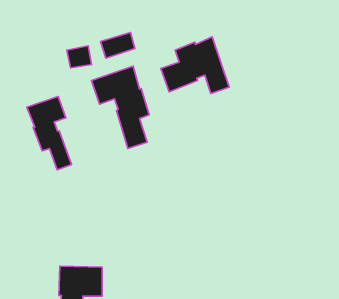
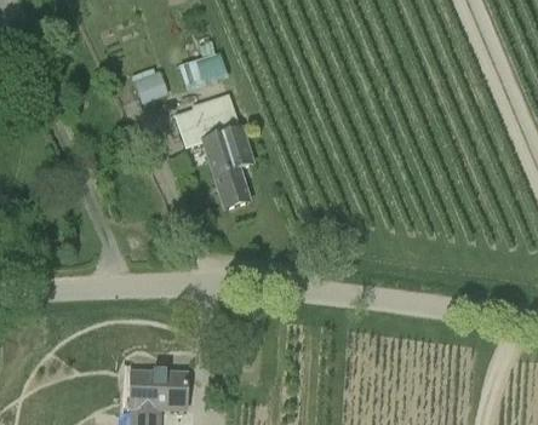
building: [161,37,229,94] -> none
building: [27,96,72,170] -> none

